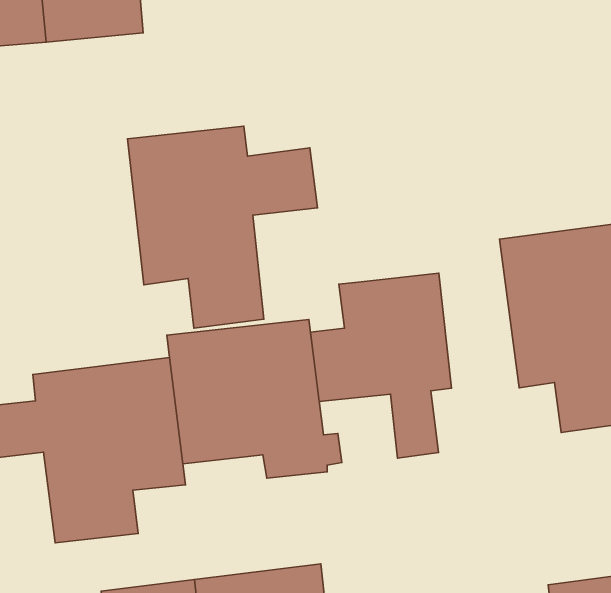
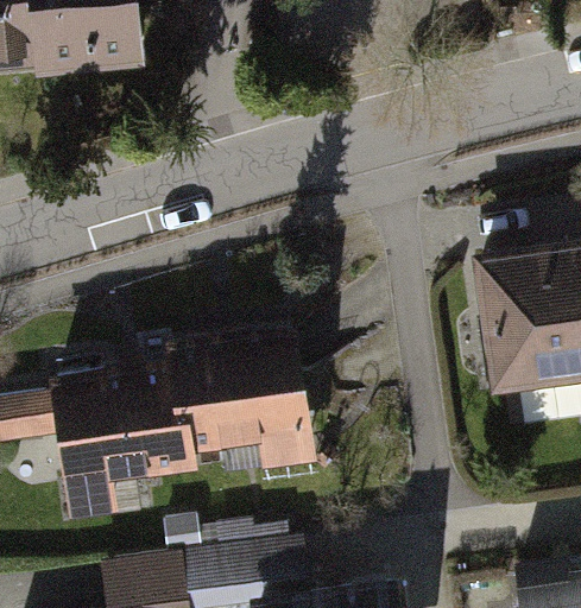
building: [128,126,318,328] -> none
building: [311,273,451,458] -> none

